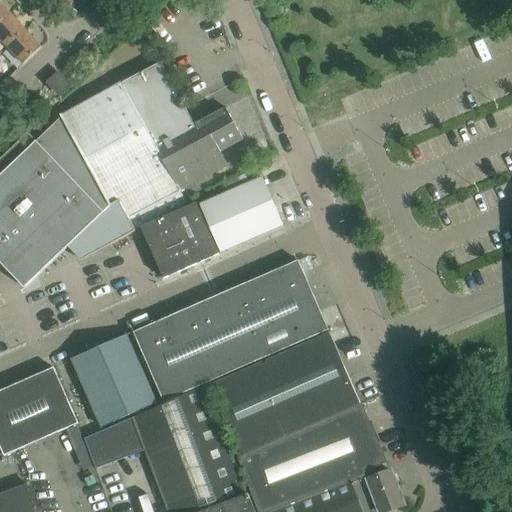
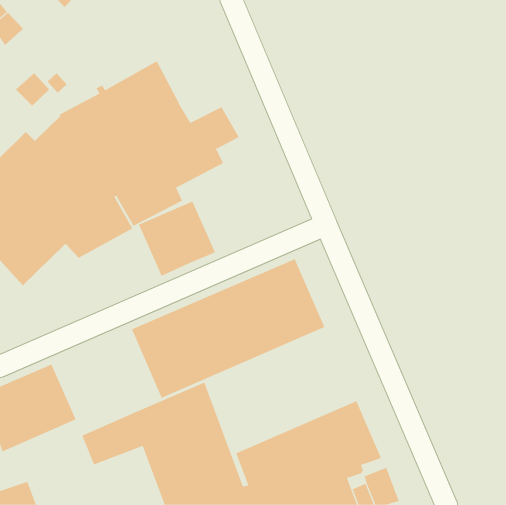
building: [5,29,40,63] -> [15,73,50,106]
building: [198,176,281,252] -> none
building: [209,331,359,454] -> none
building: [70,334,155,426] -> none

